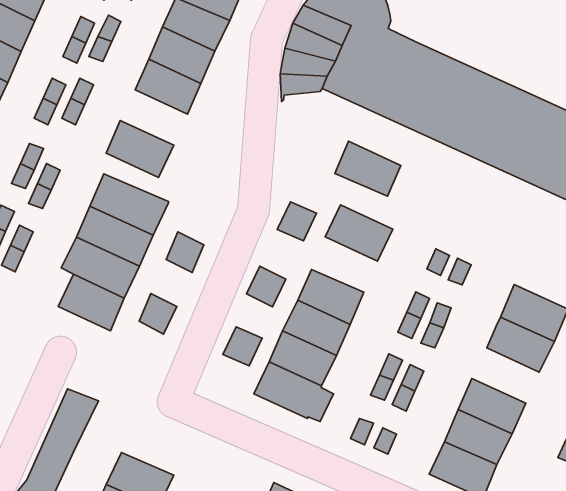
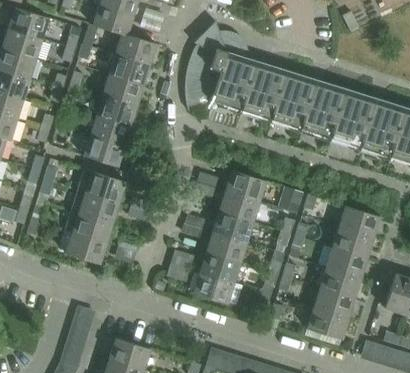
building: none -> [89,115,130,146]
building: [335,141,401,196] -> [218,191,258,222]
building: none -> [325,247,366,278]

